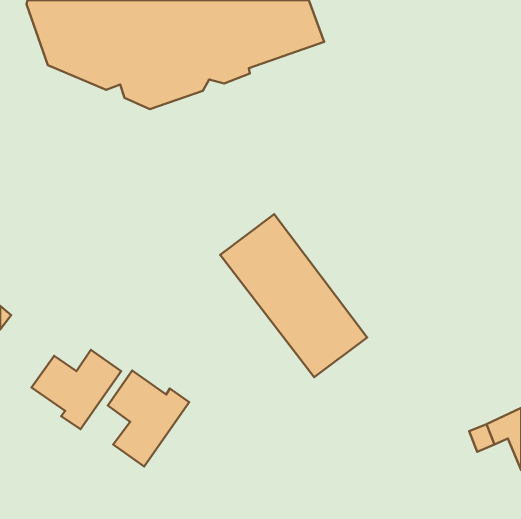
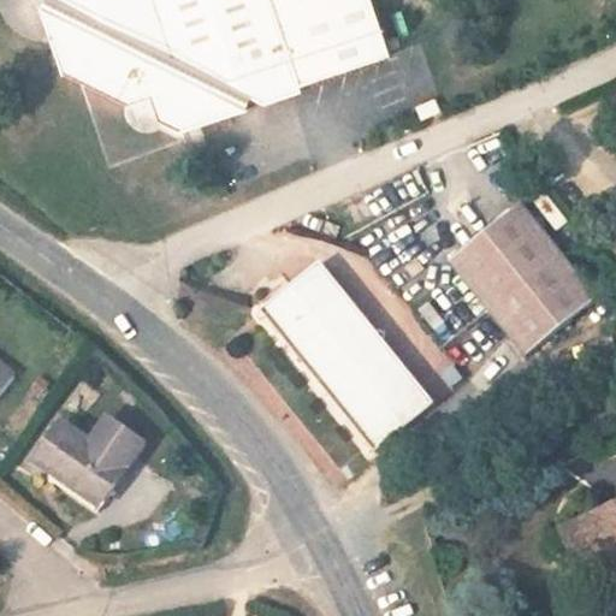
building: none -> [457,194,604,343]
building: [108,371,189,466] -> none

